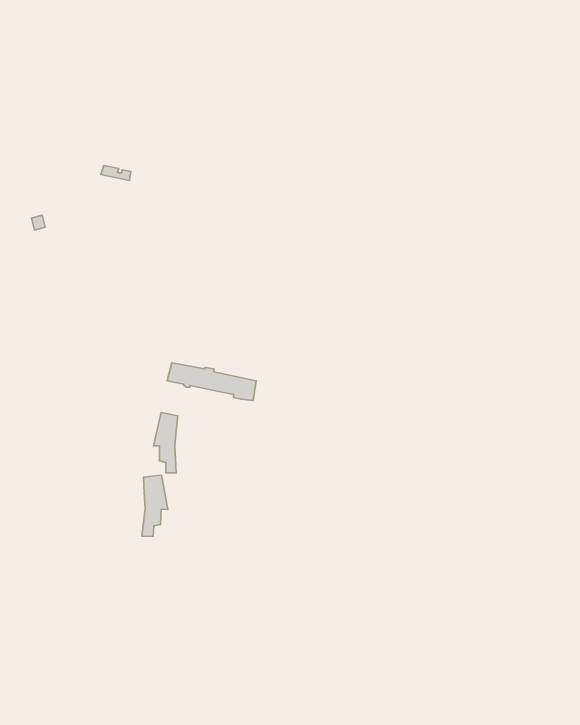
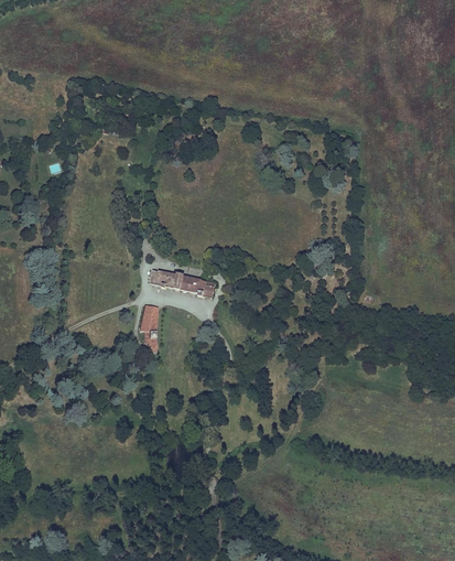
building: [142,475,168,537] -> none

